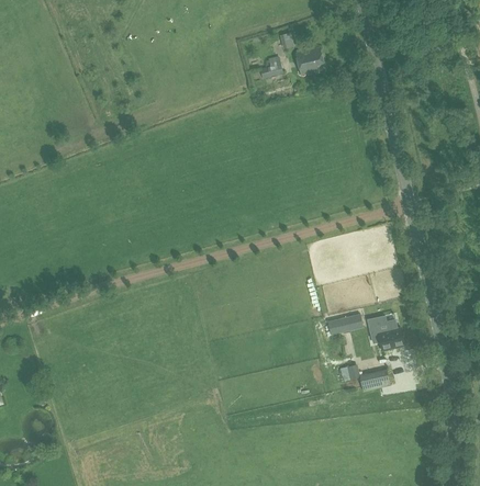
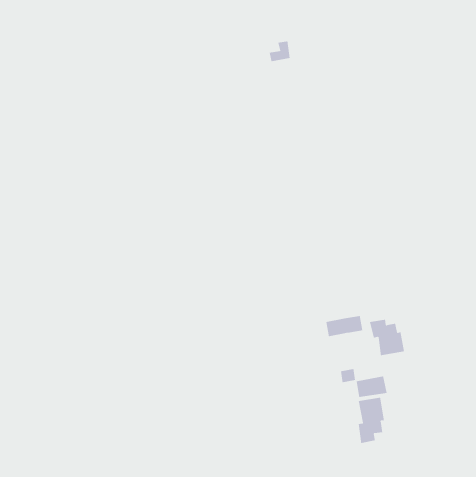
building: [295,47,324,74] -> none
building: none -> [358,397,384,444]

